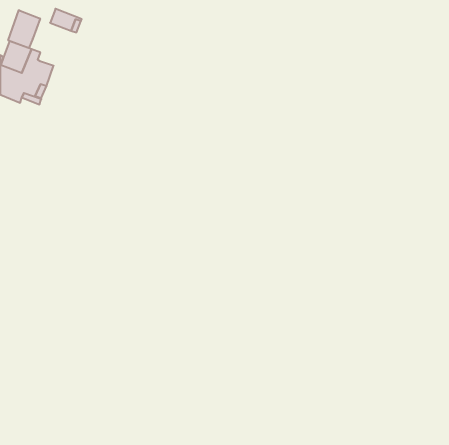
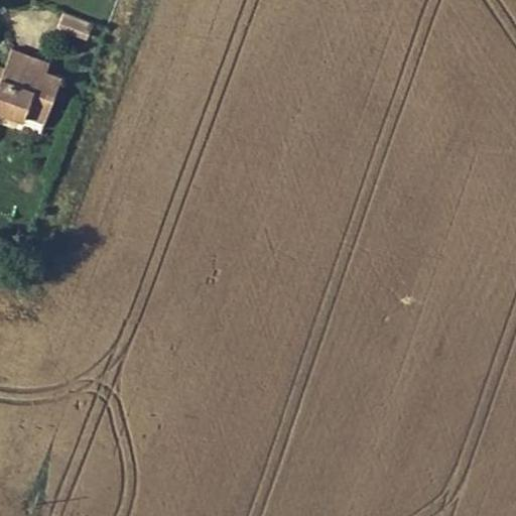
building: [8,10,40,48] -> none

